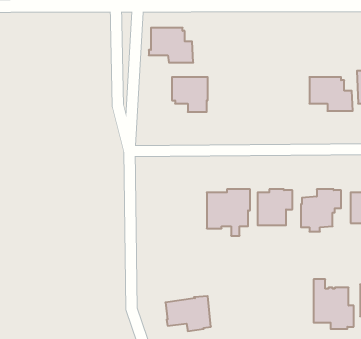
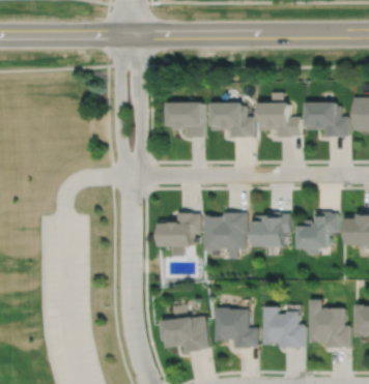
building: [149,28,193,63] -> [211,102,255,137]
building: none -> [260,102,299,137]
building: none -> [160,213,200,247]
building: none -> [265,307,303,348]
building: none -> [217,308,258,349]

